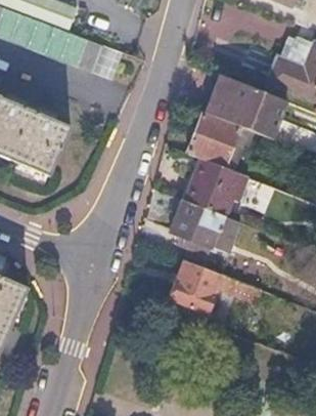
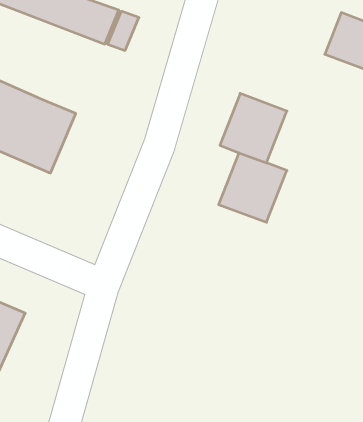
building: [202,74,286,138] -> none
building: [170,201,224,258] -> none
building: [171,262,238,311] -> none

